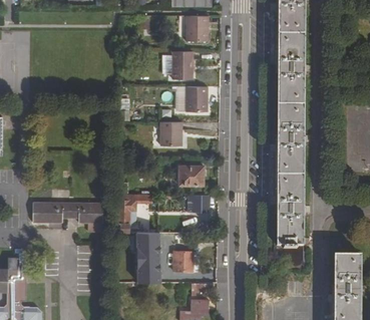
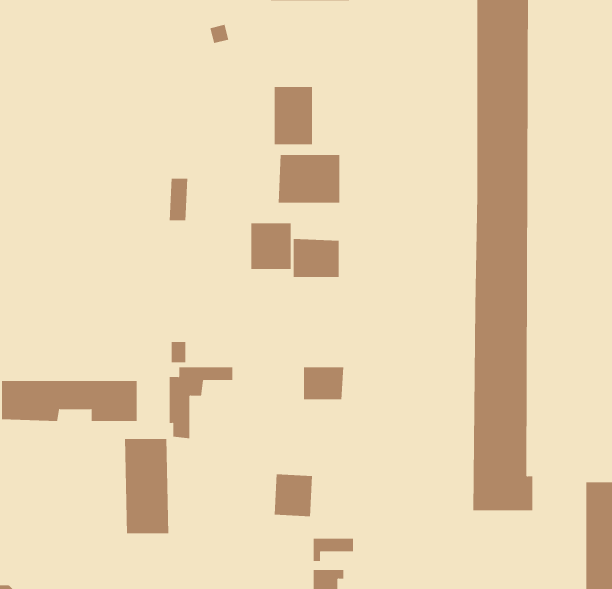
building: [187,17,209,42] -> none
building: [179,166,204,186] -> [293,238,340,277]
building: [137,232,160,281] -> [124,439,169,534]

